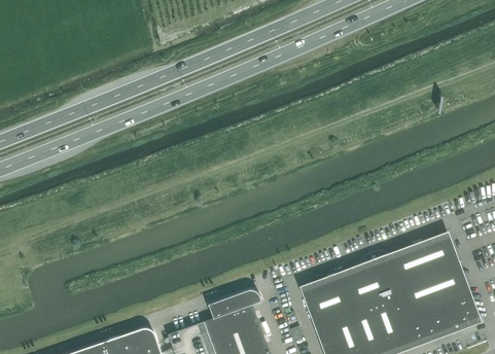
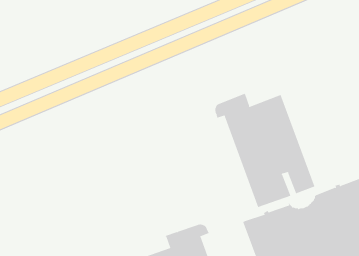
building: none -> [215,93,315,208]

